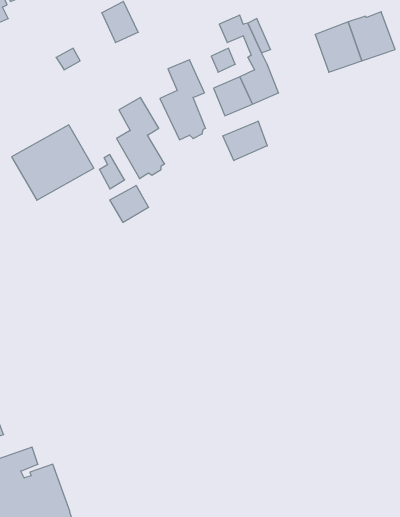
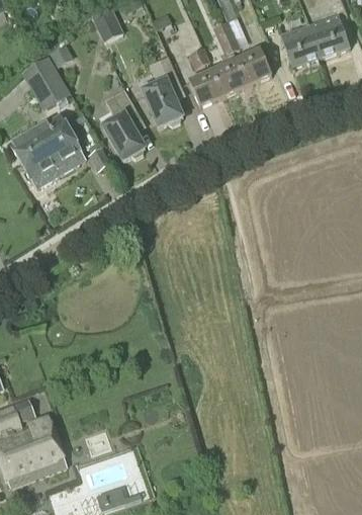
building: none -> [238,51,272,86]
building: none -> [21,57,71,110]
building: [223,121,267,161] -> none
building: [110,185,149,222] -> none

